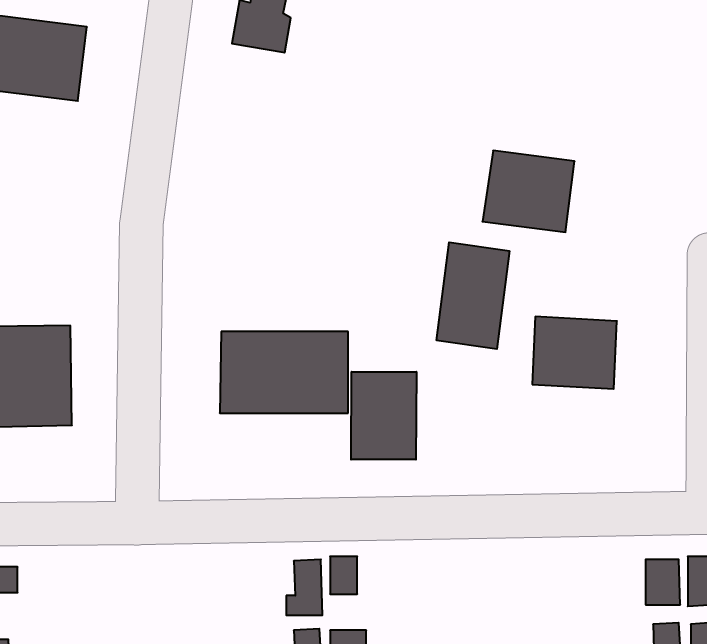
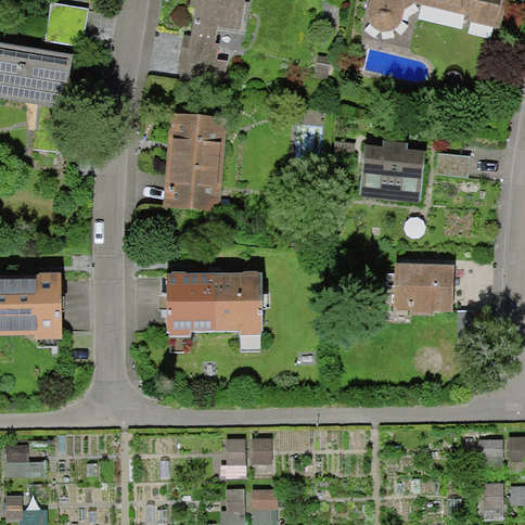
building: none -> [166,115,226,209]
building: [437,242,509,349] -> none
building: [351,372,416,460] -> none

